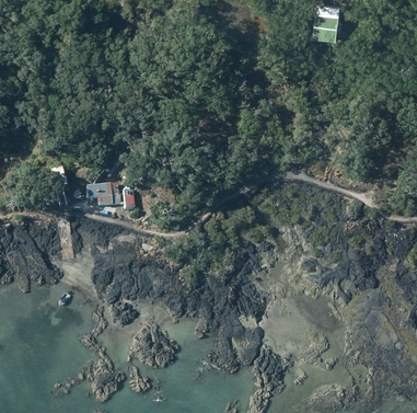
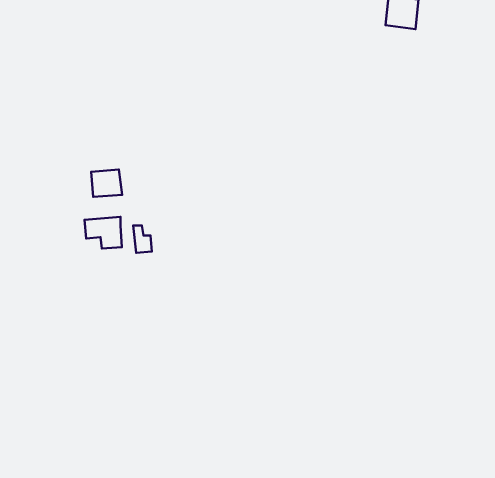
building: none -> [91,170,122,197]

